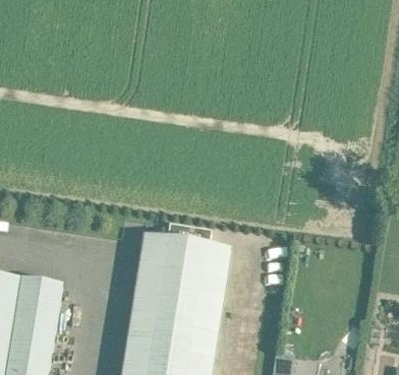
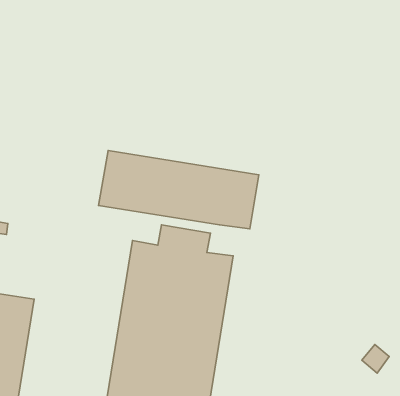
building: none -> [99,150,259,229]

